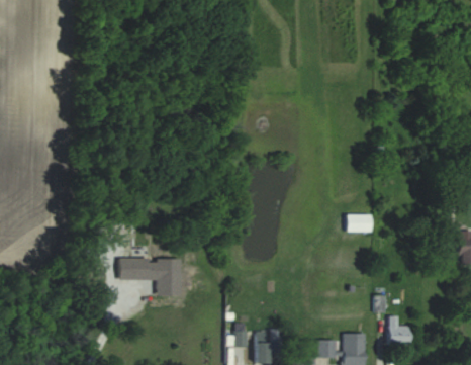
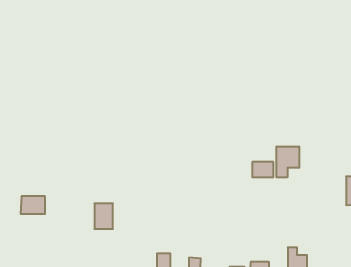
building: none -> [277,146,299,177]
building: [118,259,148,280] -> [21,196,45,214]

